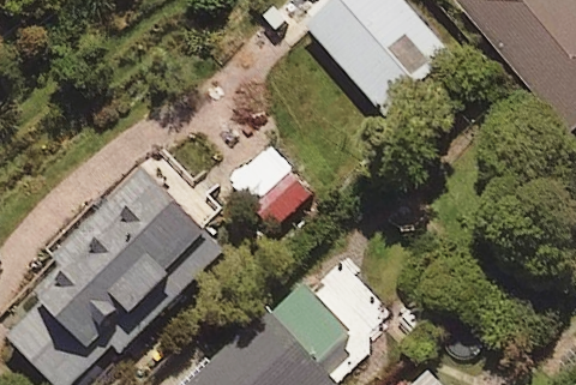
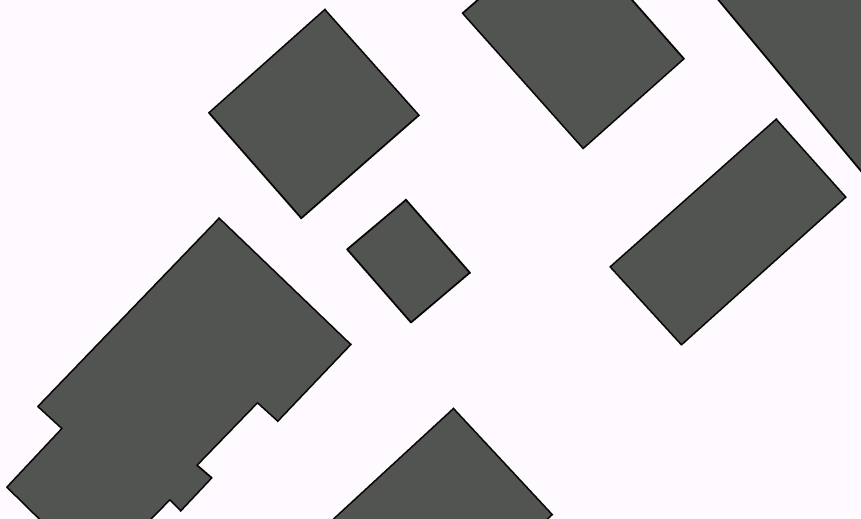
building: none -> [209,9,419,218]
building: none -> [610,119,846,345]

